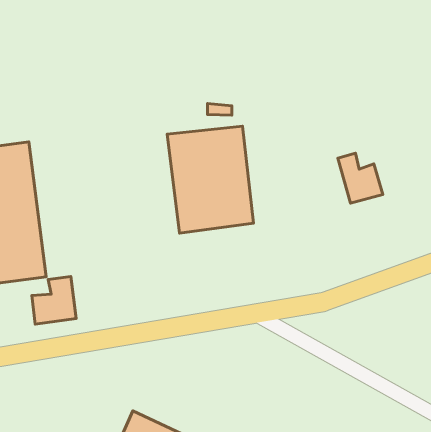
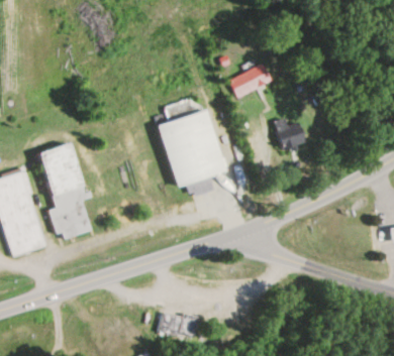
building: none -> [229,65,271,97]
building: [32,277,76,324] -> none

